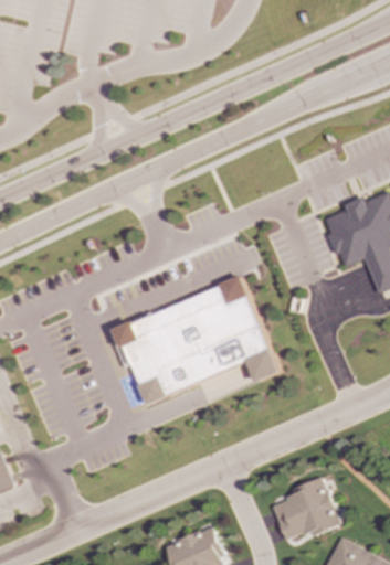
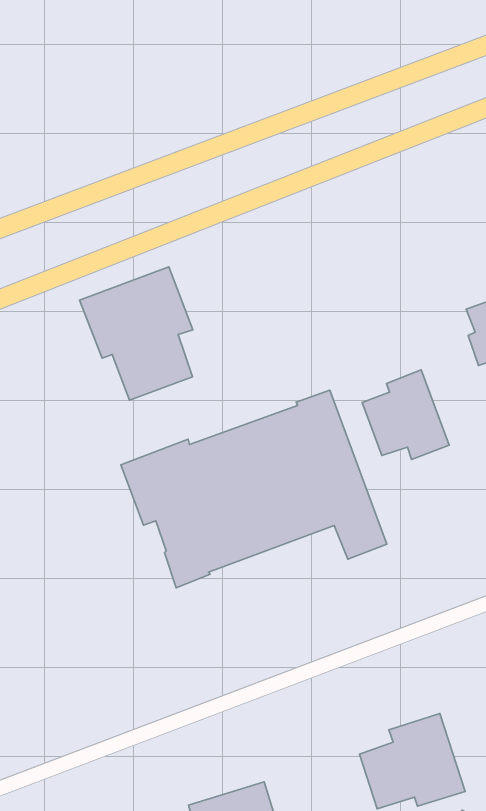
building: none -> [80,267,193,400]
building: none -> [362,370,449,459]

